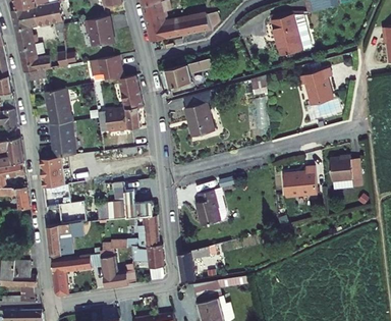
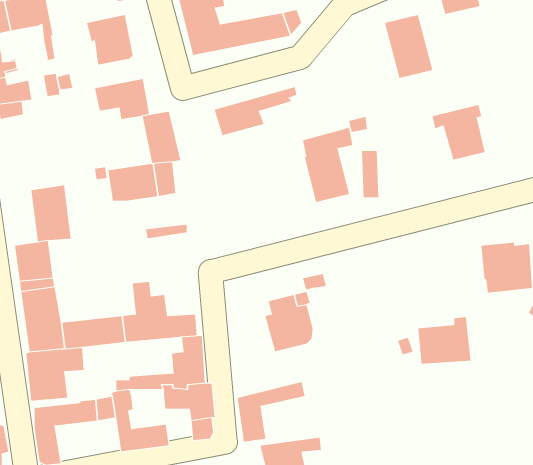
building: [45,87,71,123] -> none
building: [179,91,211,138] -> [302,127,353,202]
building: [284,165,318,195] -> [417,317,471,364]

